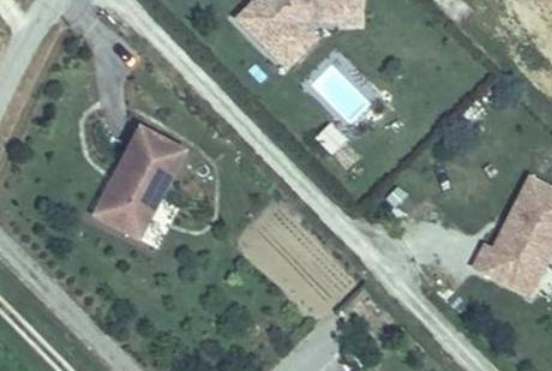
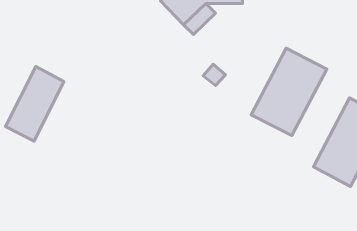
building: none -> [251,48,327,136]
building: [96,130,181,239] -> [5,67,64,141]

